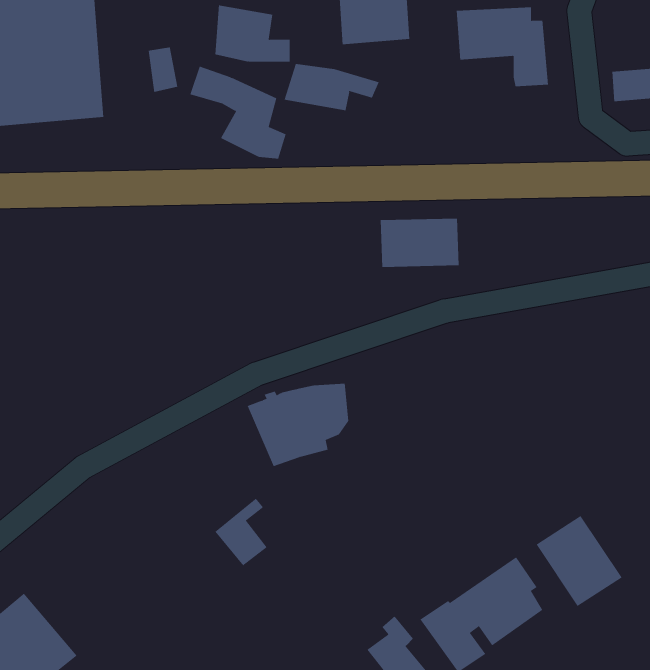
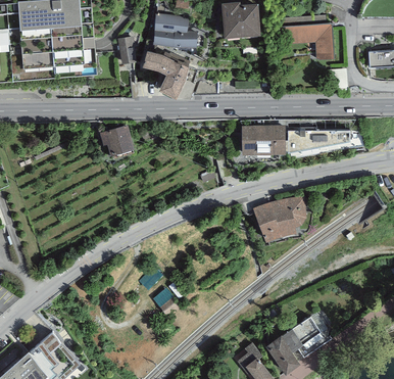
building: [284,63,379,111] -> none
building: none -> [100,125,135,154]
building: none -> [288,130,350,155]
building: [247,383,349,467] -> [252,197,307,242]
building: [536,515,622,607] -> none

